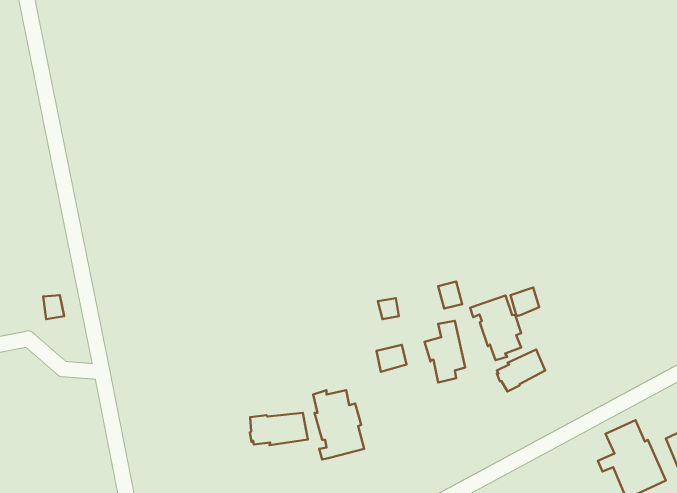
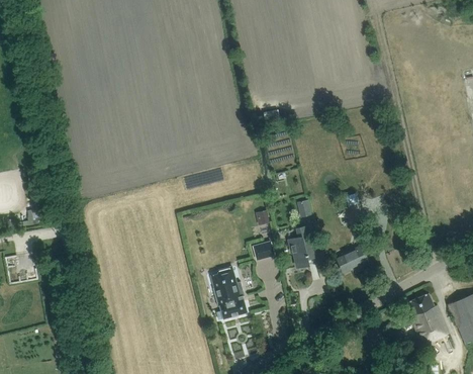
building: [470,296,521,360] -> none
building: [250,413,308,445] -> none

